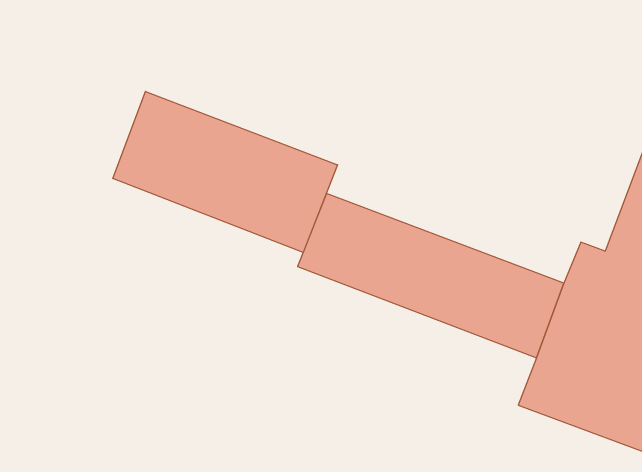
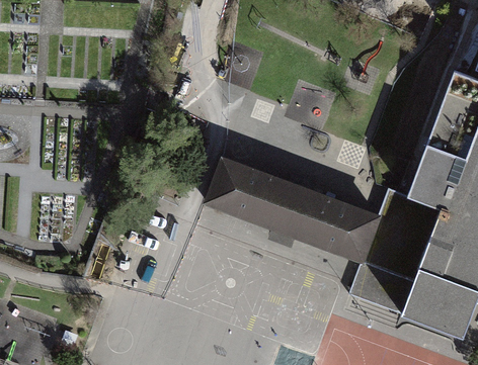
building: [113,91,338,252] -> none

